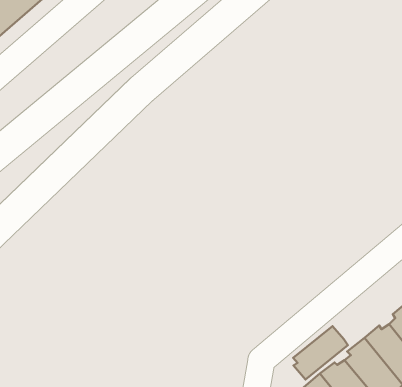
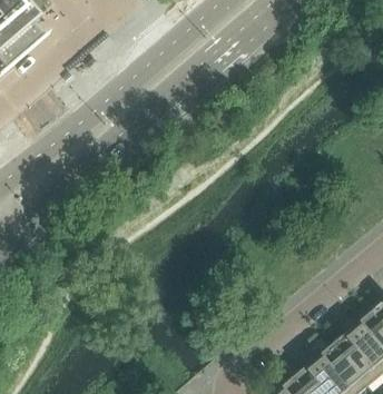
building: [293,326,348,380] -> none

